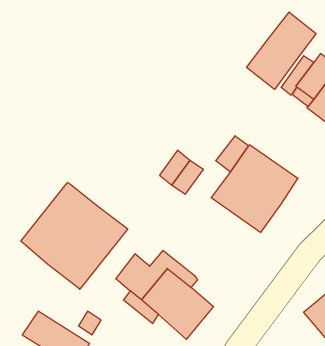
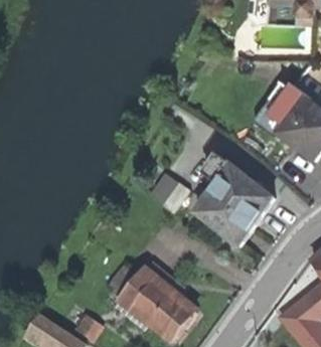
building: [247,12,316,89] -> none
building: [21,182,128,289] -> none

